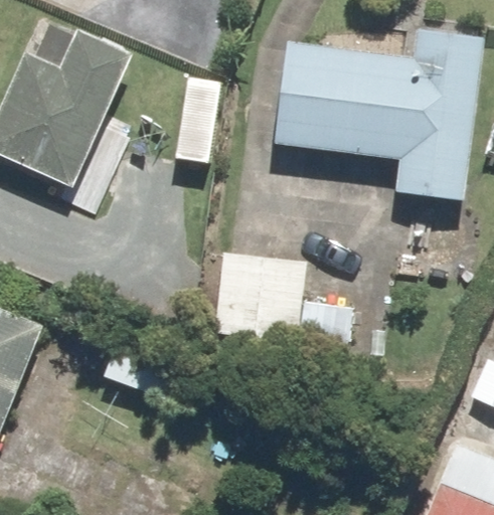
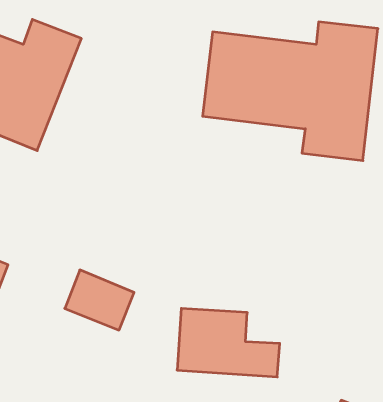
building: [217,259,341,341] -> [177,308,280,377]

